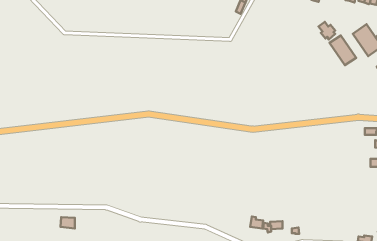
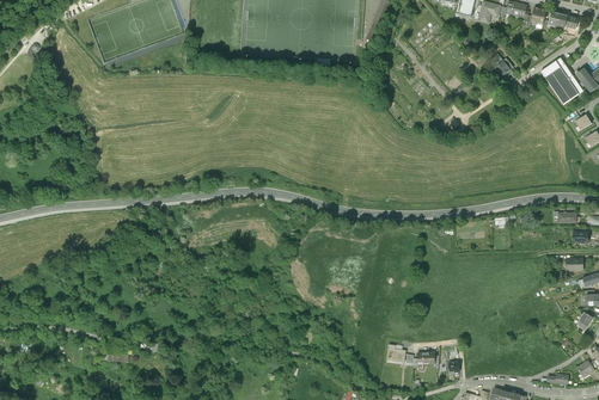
building: [330,36,356,65] -> none

